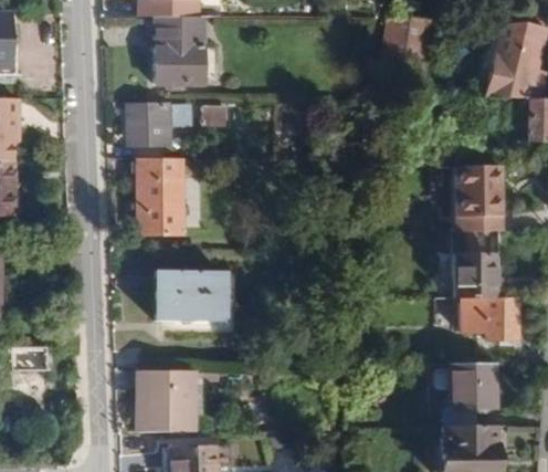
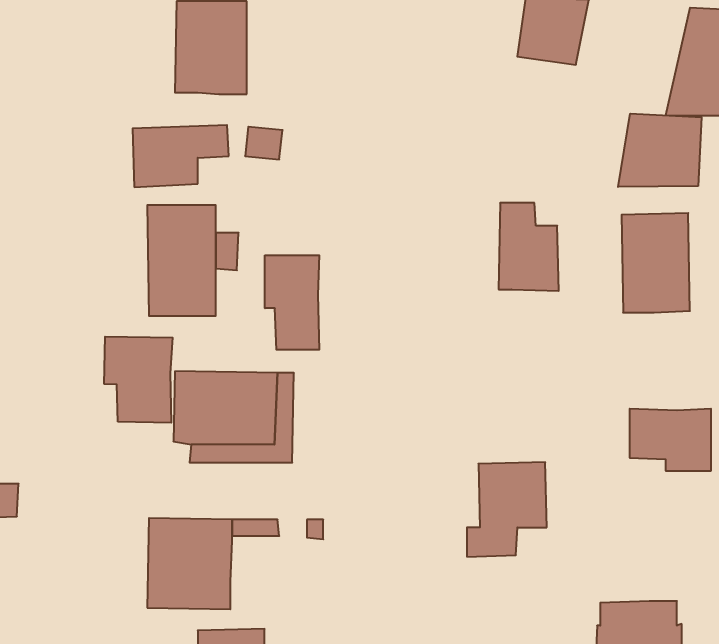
building: none -> [618,114,701,187]
building: none -> [265,255,319,350]
building: [454,238,495,297] -> [499,203,559,291]
building: none -> [104,337,173,423]
building: [443,364,497,428] -> [467,462,547,557]

